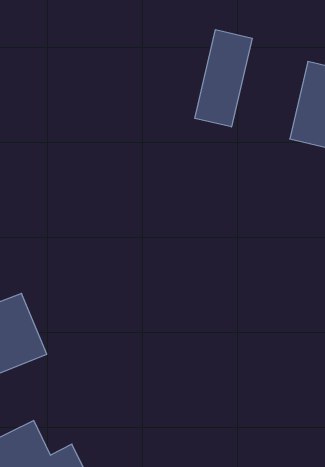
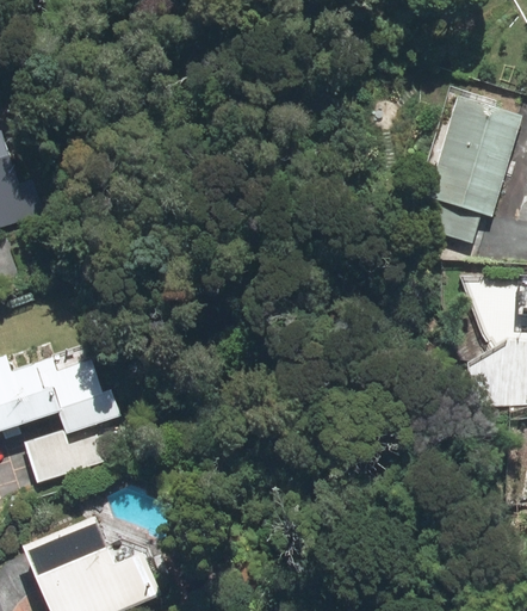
building: [195,30,252,127] -> none

